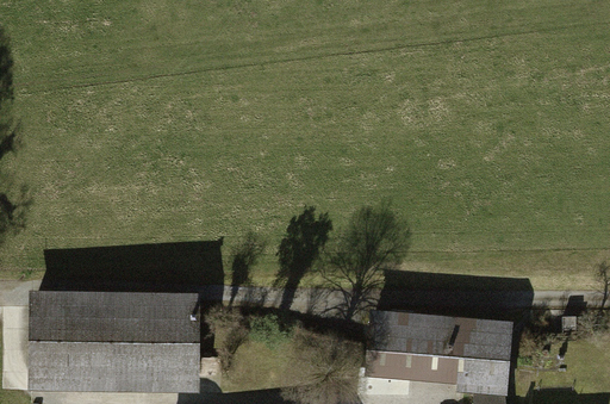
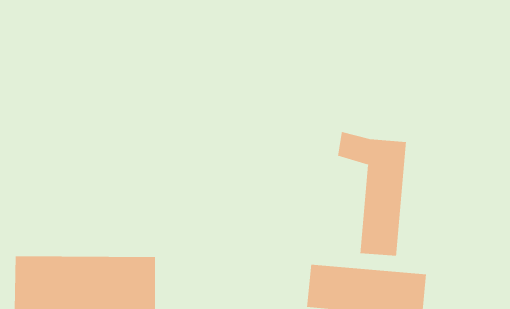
building: none -> [337,131,407,257]

